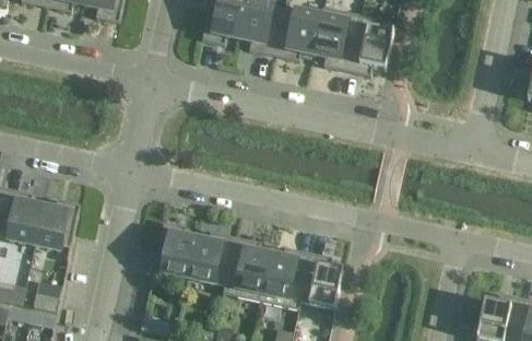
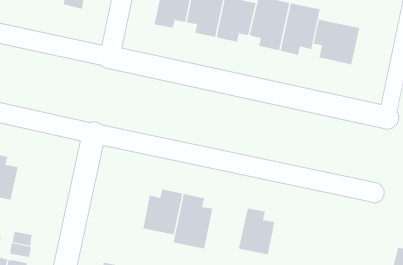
building: none -> [313,19,360,65]
building: [34,198,79,249] -> none
building: [152,221,194,277] -> none
building: [259,247,308,308] -> none

